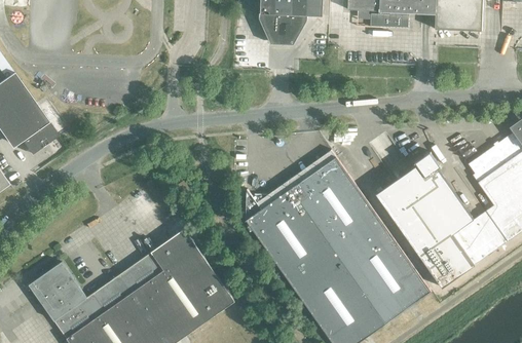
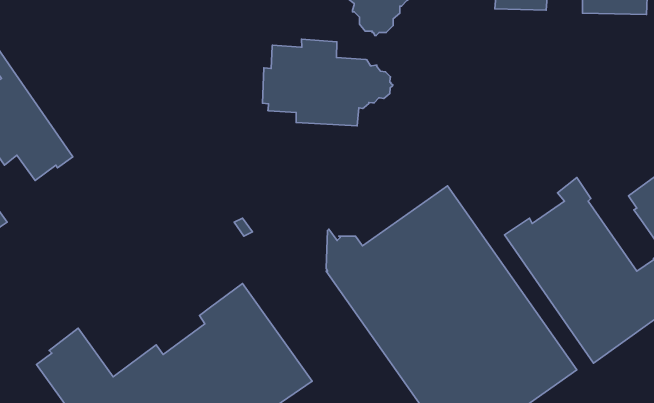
building: none -> [262,39,393,126]

